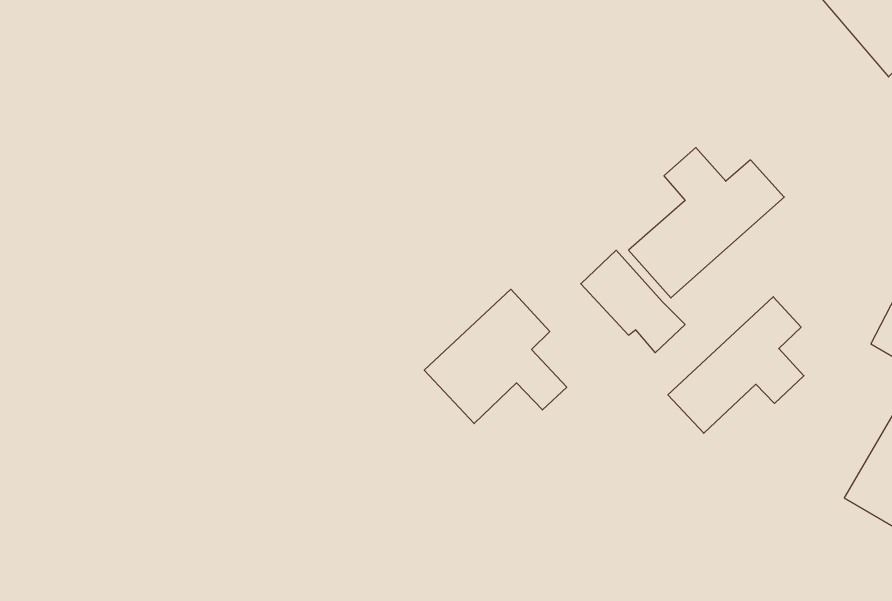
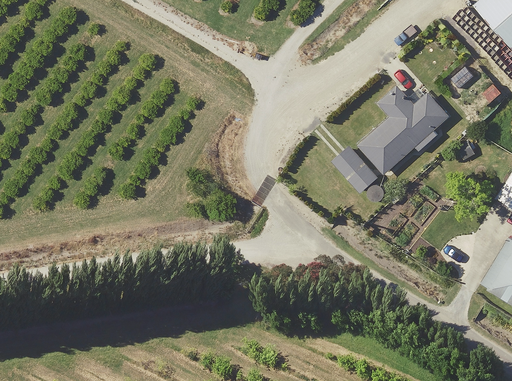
building: [424,289,567,424] -> none
building: [668,297,804,433] -> none

